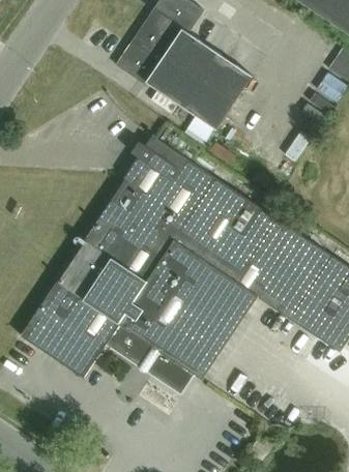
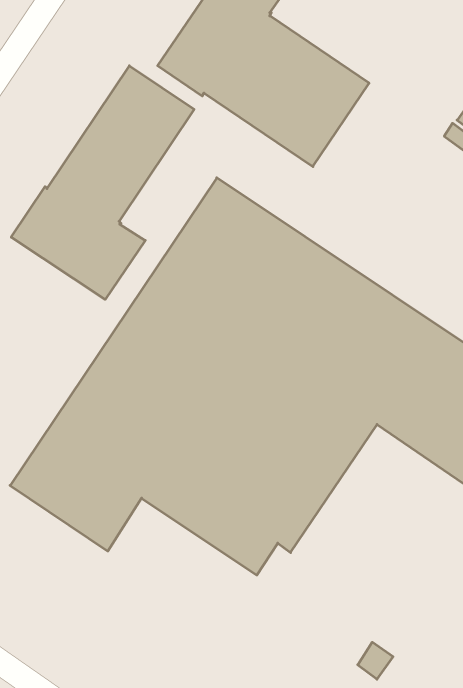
building: none -> [11,66,194,299]

